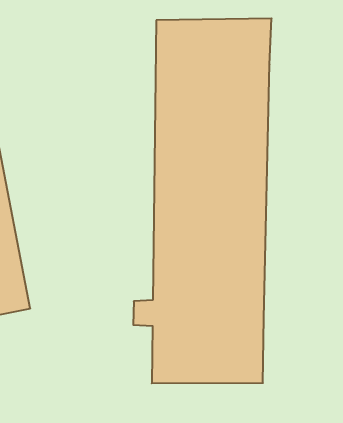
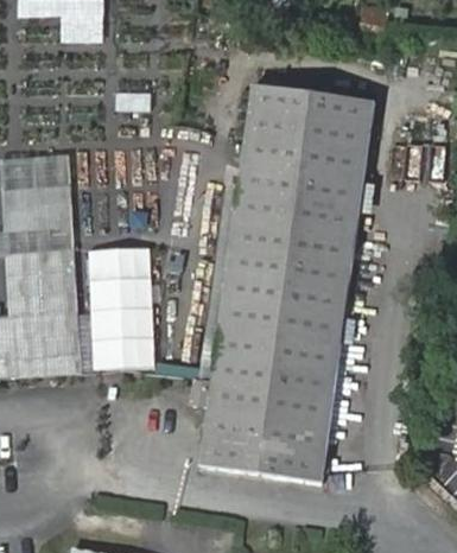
building: none -> [90,246,154,367]

